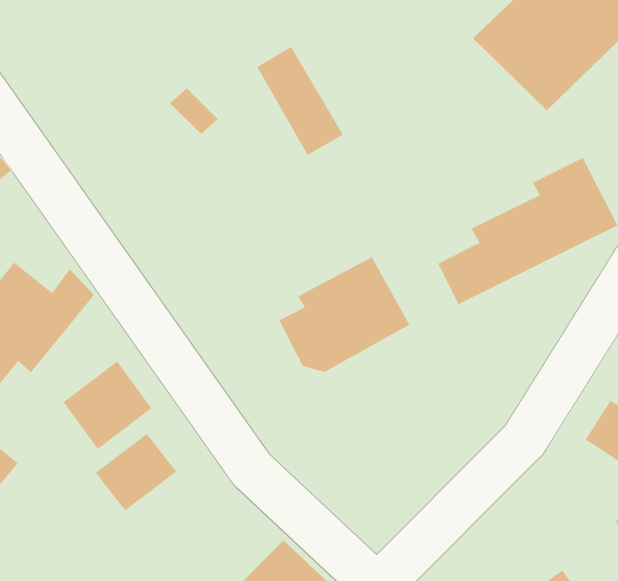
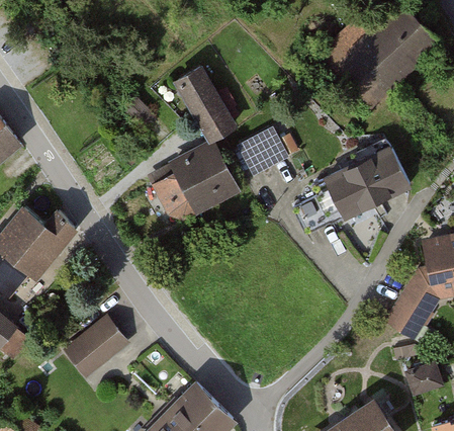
building: none -> [243,132,284,172]
building: [278,257,410,372] -> [155,144,239,218]
building: [63,361,152,450] -> none

